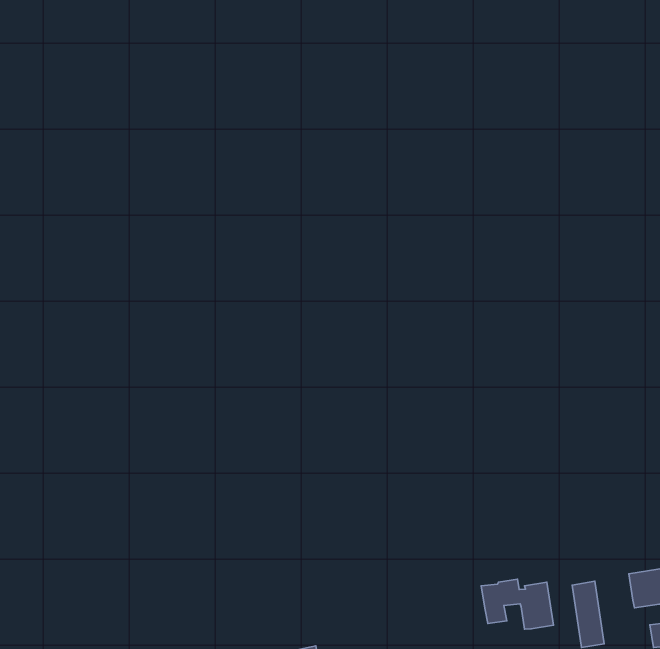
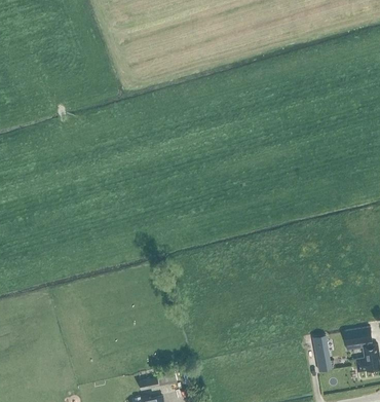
building: [481,579,553,629] -> none

